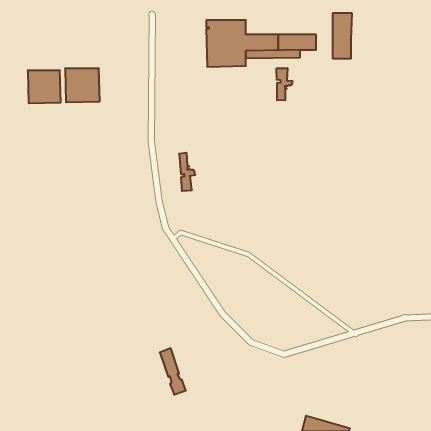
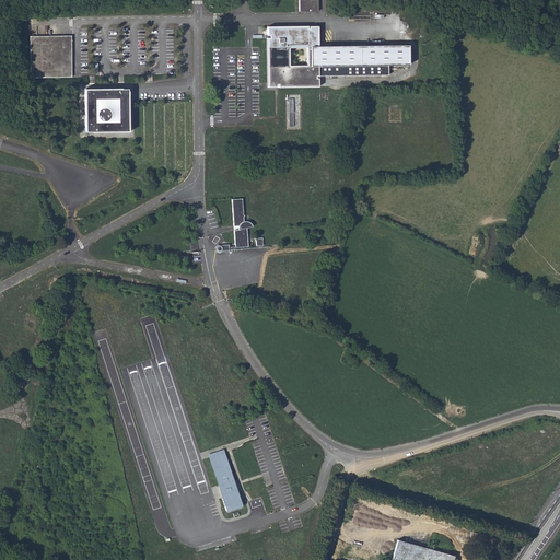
building: [333,13,352,59] -> none
building: [277,68,292,100] -> none
building: [28,70,61,103] -> [31,35,73,78]

